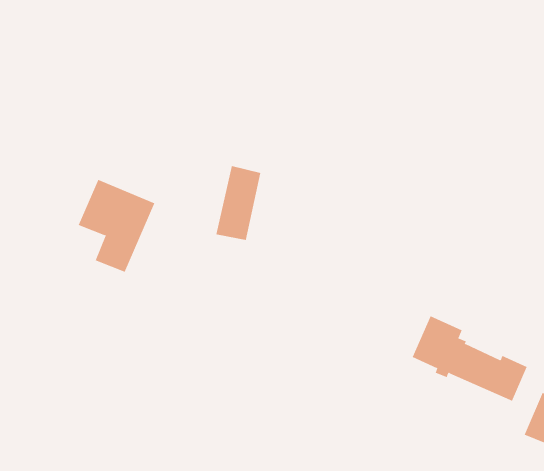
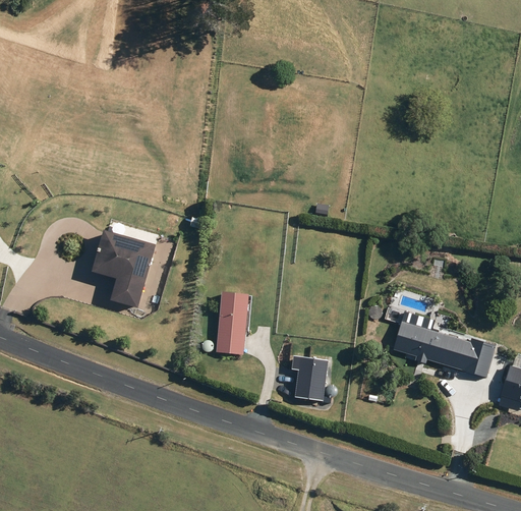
building: [216,165,261,241] -> [216,291,248,354]
building: none -> [291,355,328,401]

